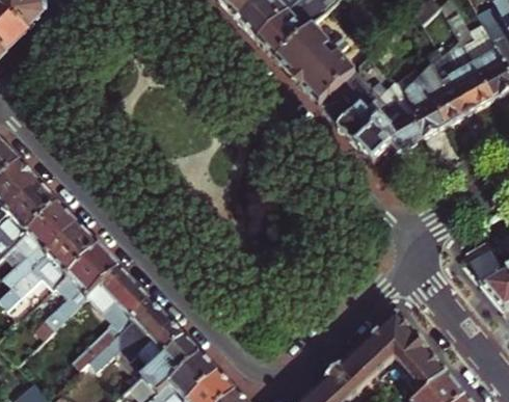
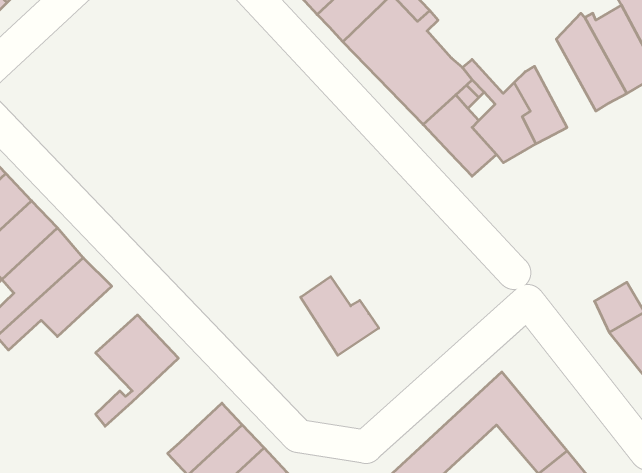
building: [422,60,470,128] -> none
building: none -> [301,277,379,355]
building: [46,249,119,330] -> none
building: [115,304,184,369] -> none

